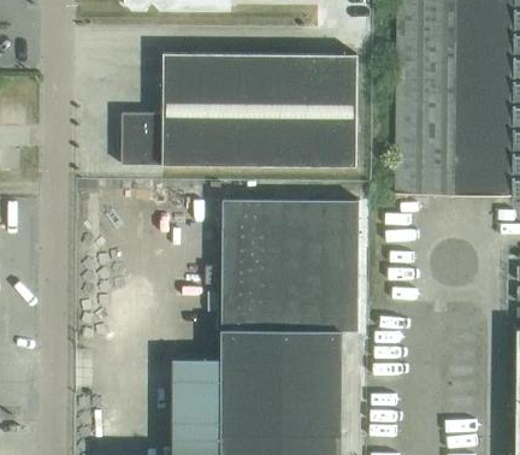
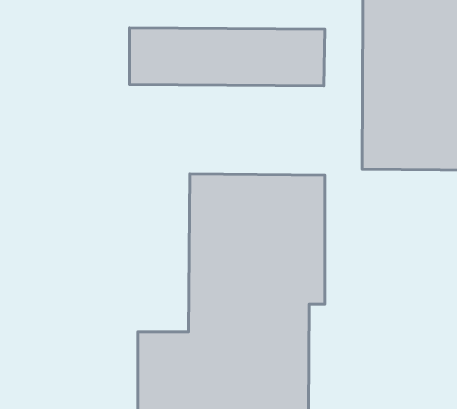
building: [122,111,356,167] -> none

